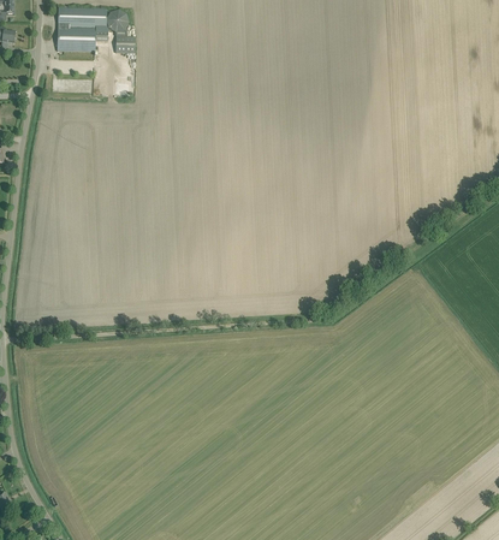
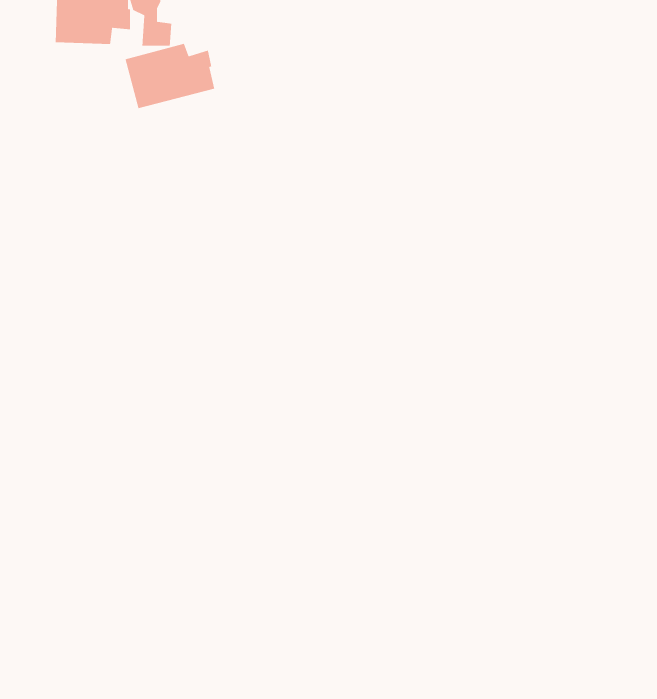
building: none -> [124,43,215,109]

